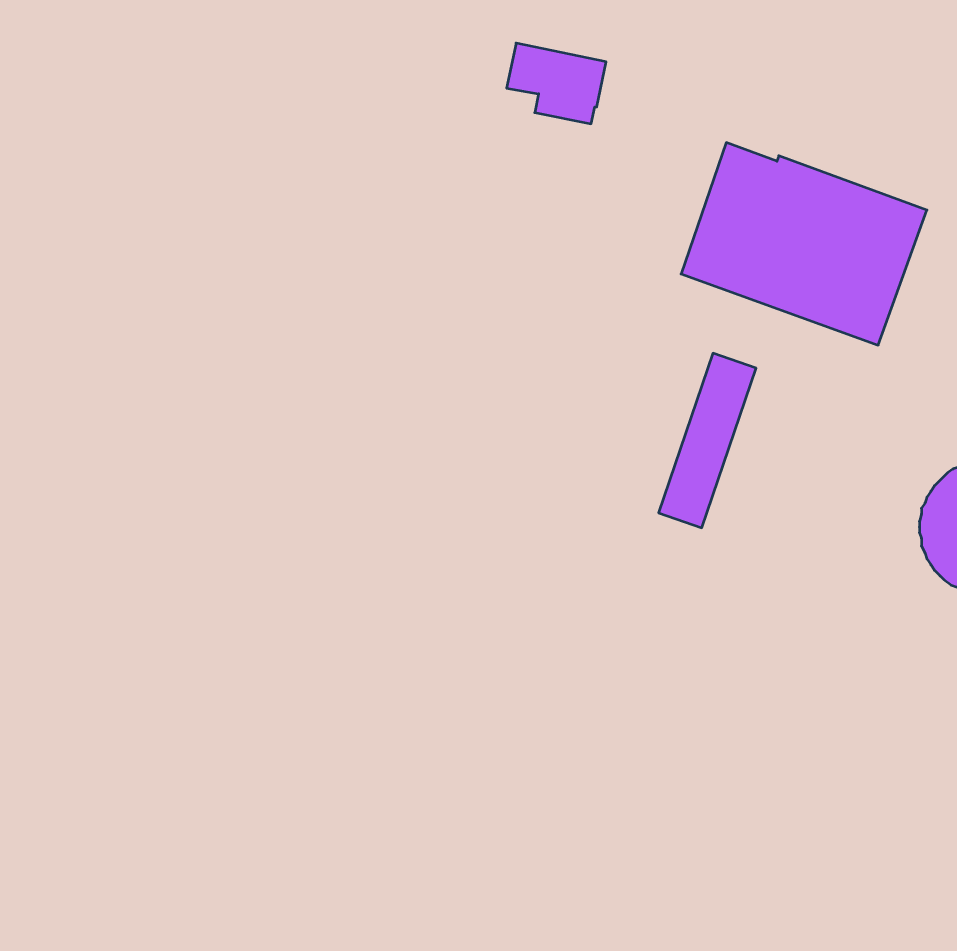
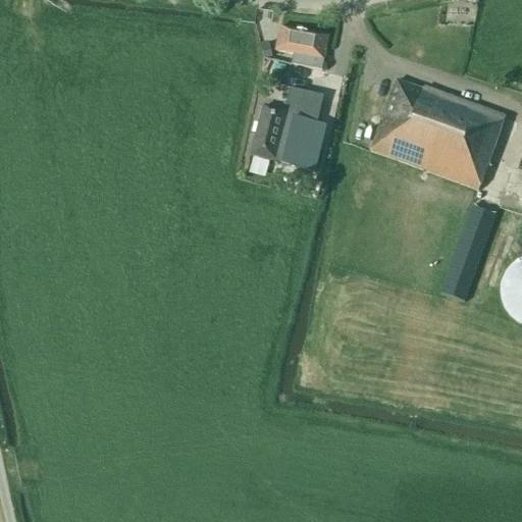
building: none -> [250,88,326,168]
building: [659,353,756,528] -> [441,204,494,299]

